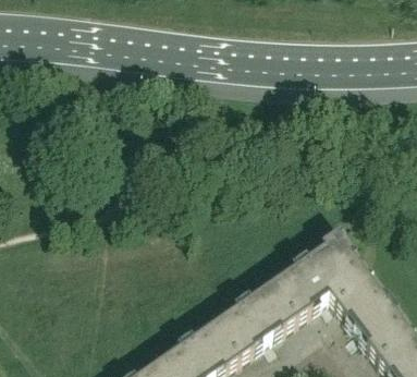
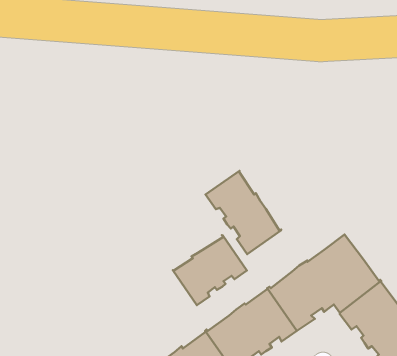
building: none -> [206,171,281,254]
building: none -> [173,235,247,305]

